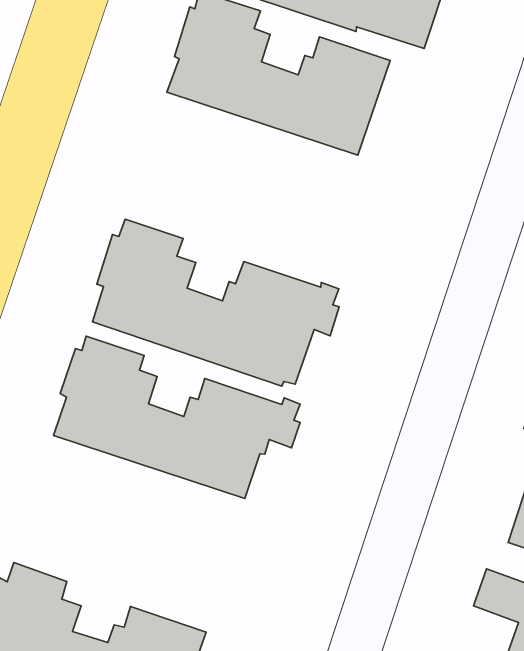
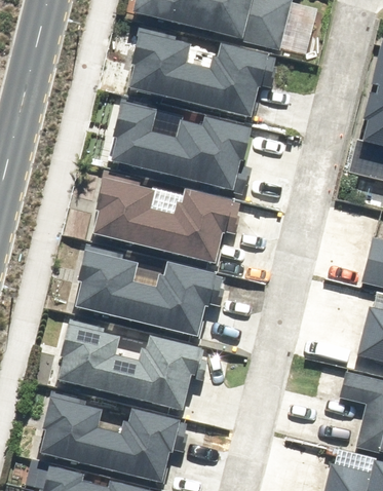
building: none -> [111,97,251,191]
building: none -> [58,315,201,411]

